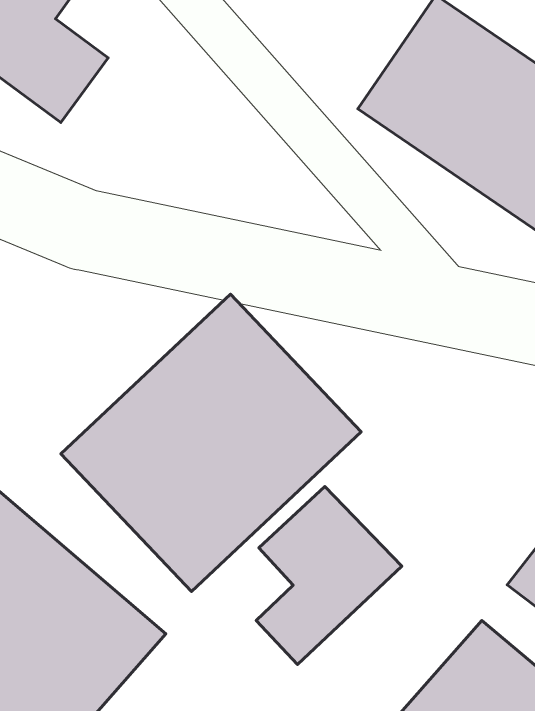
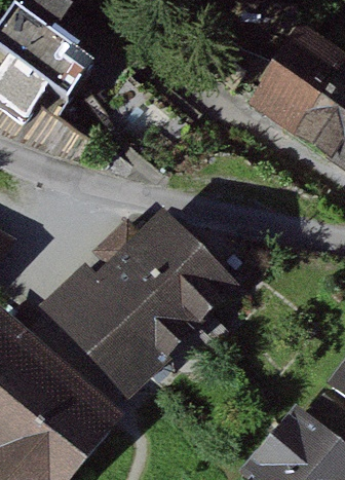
building: [256,486,402,664] -> none

